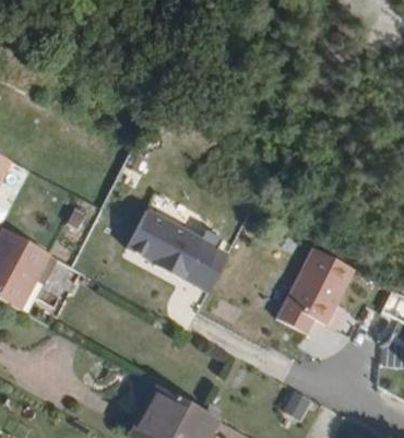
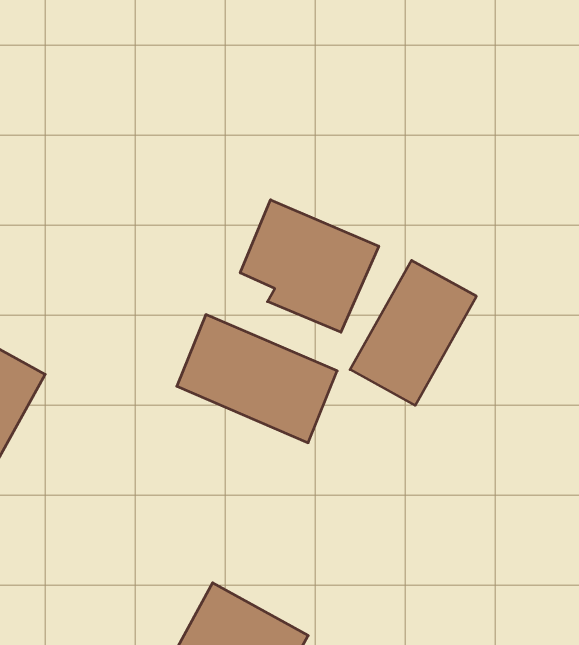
building: none -> [240,200,379,332]
building: [272,251,353,344] -> [350,260,476,405]

